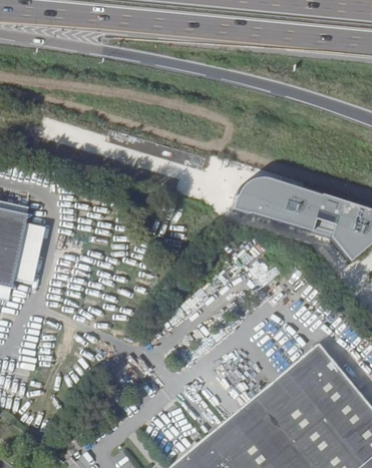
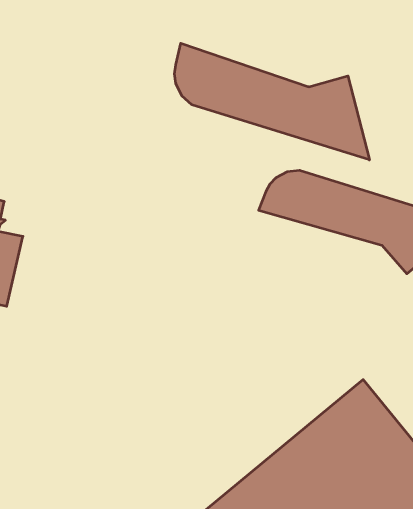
building: none -> [174,43,369,160]

